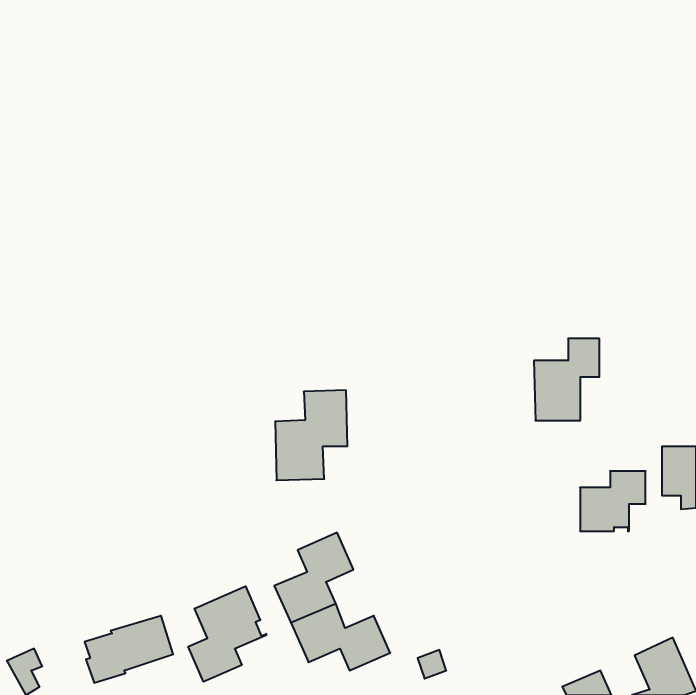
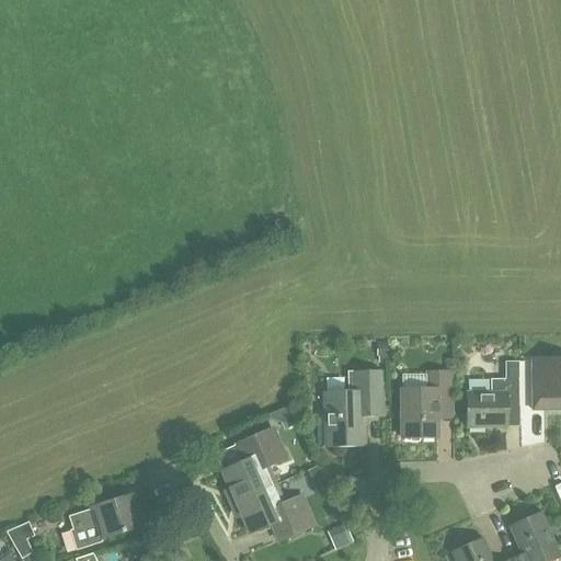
building: [534,339,599,421] -> [400,370,453,436]
building: [275,390,347,480] -> [323,370,381,443]
building: [188,586,267,682] -> none

